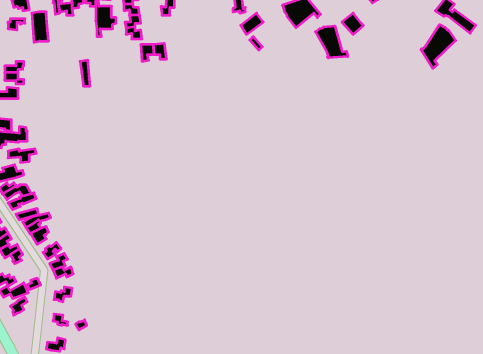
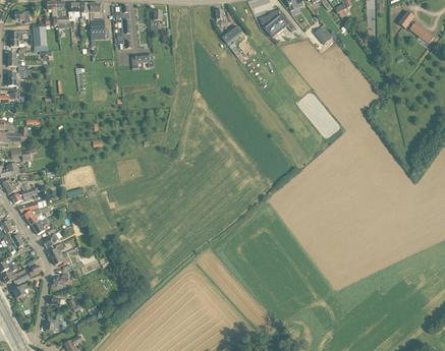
building: [421,25,456,68] -> none
building: [315,26,348,58] -> none

